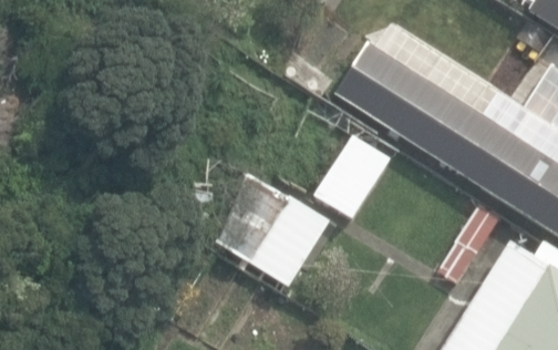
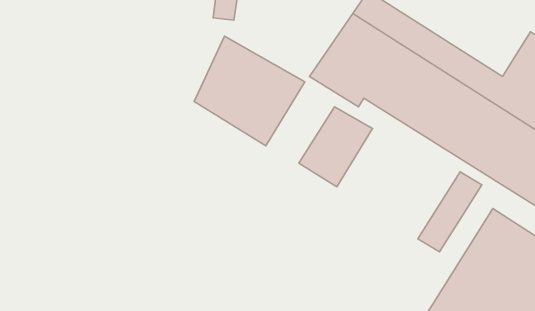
building: [217,175,330,287] -> [194,36,305,146]

